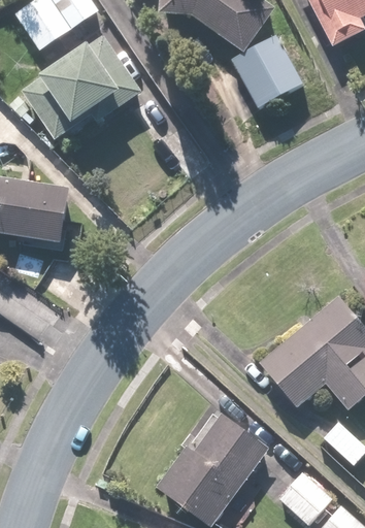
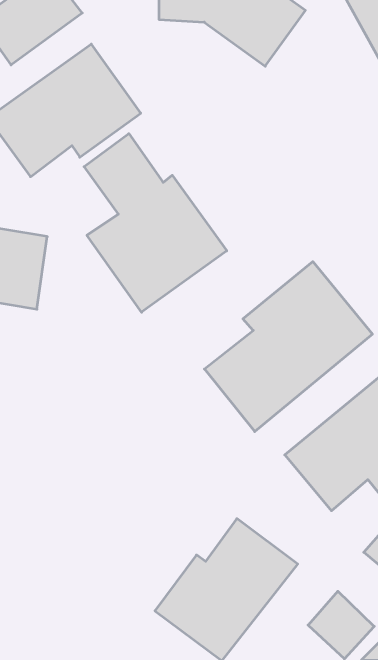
building: [230,34,304,110] -> none
building: none -> [84,134,227,312]
building: none -> [204,262,372,432]

